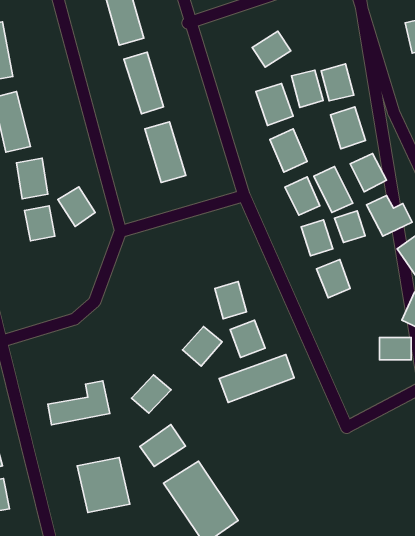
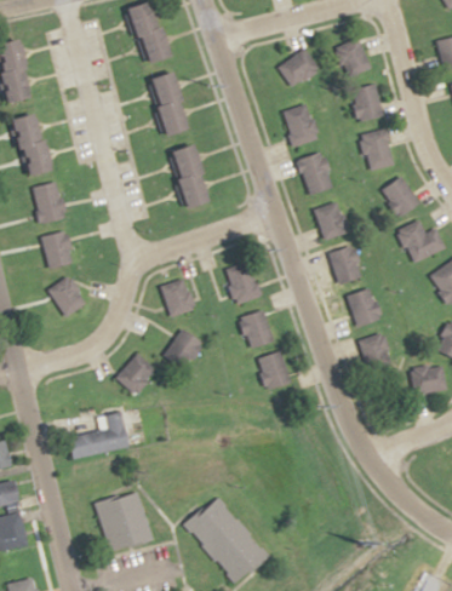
building: [292,70,323,107] -> [338,40,371,79]
building: [314,167,353,212] -> none
building: [58,187,95,226] -> [48,276,87,317]
building: [335,211,365,242] -> none
building: none -> [224,260,263,305]
building: none -> [159,277,196,319]
building: none -> [360,333,393,372]
building: [182,327,222,366] -> [161,329,202,371]
building: [219,355,294,402] -> none
building: [131,375,171,413] -> [115,354,156,394]
building: [140,425,185,466] -> none

